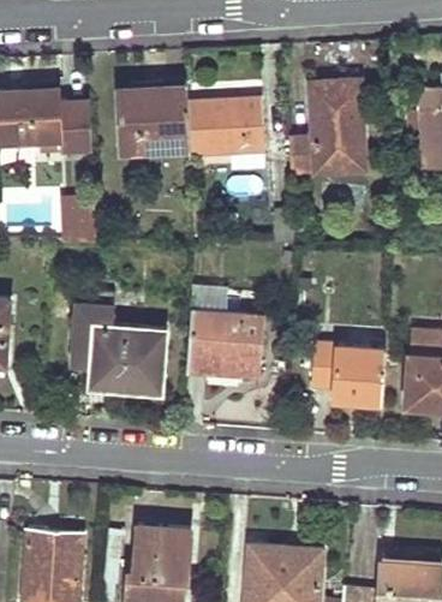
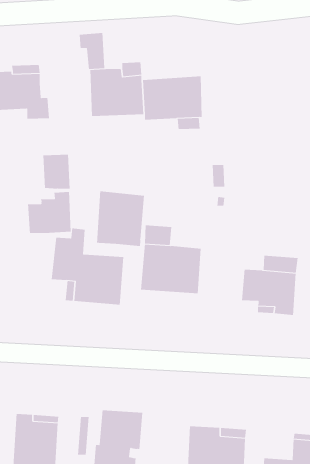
building: [288,82,365,175] -> none
building: [58,107,91,154] -> [79,33,105,69]
building: none -> [97,190,145,247]
building: none -> [28,191,71,234]

